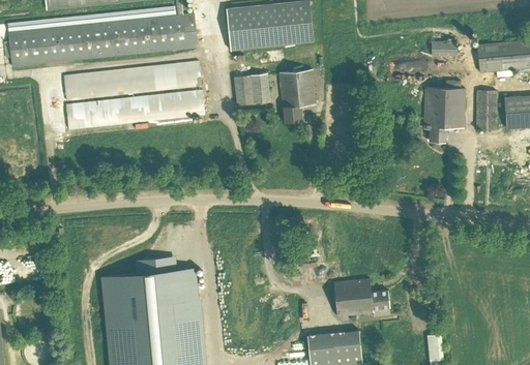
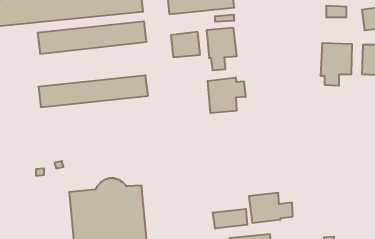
building: [65,89,205,129] -> [38,75,148,107]
building: none -> [208,77,246,113]
building: none -> [213,209,247,229]

